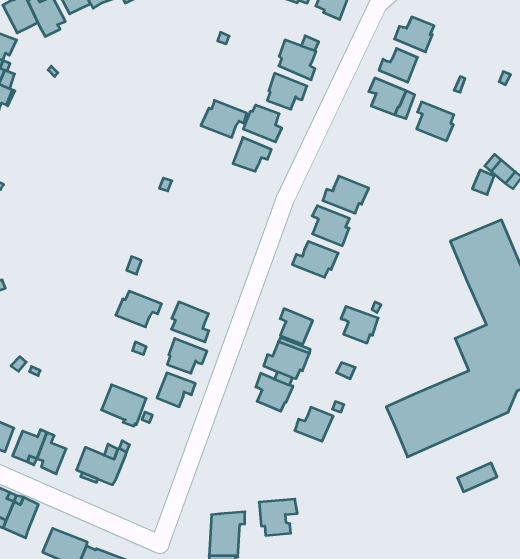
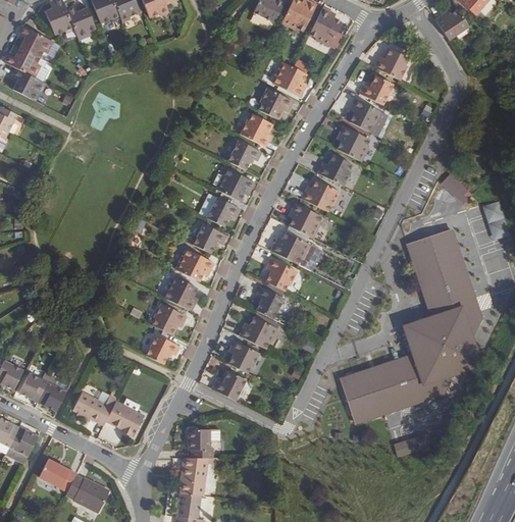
building: [201,100,247,137] -> [214,168,254,201]
building: [417,102,454,141] -> [337,126,369,161]
building: none -> [315,155,350,186]
building: none -> [205,198,239,227]
building: none -> [193,223,226,254]
building: [116,291,162,327] -> [174,249,214,280]
building: [341,306,378,343] -> [265,259,297,292]
building: [101,385,146,426] -> [105,400,144,436]
building: [295,407,333,441] -> [212,370,246,400]
building: [259,499,297,535] -> [188,428,219,457]

